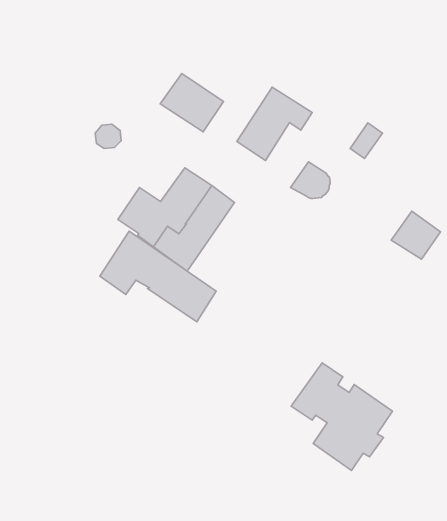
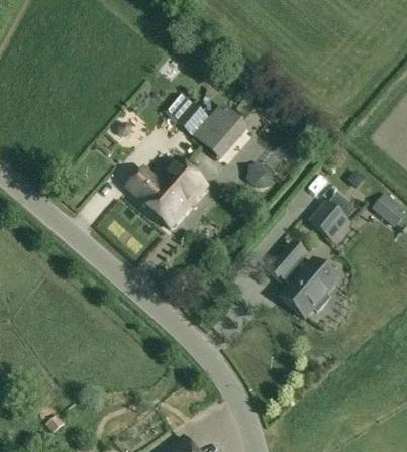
building: none -> [199,97,240,142]
building: [100,231,216,322] -> none
building: [291,363,393,471] -> [270,244,338,320]

